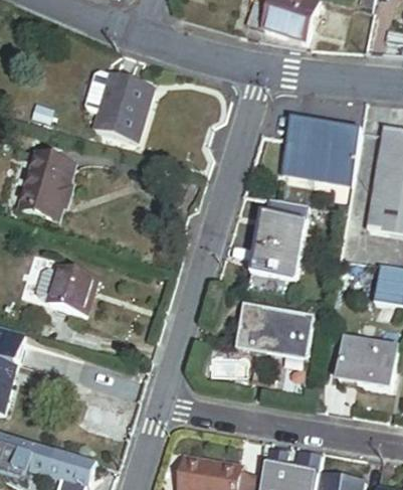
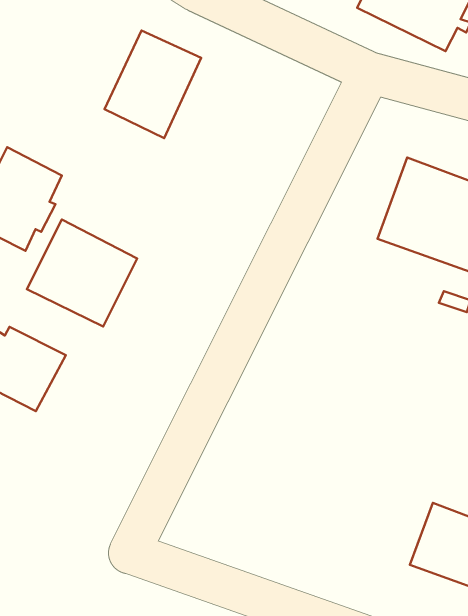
building: none -> [27,219,137,327]
building: [248,195,307,294] -> none
building: [234,300,311,355] -> none

